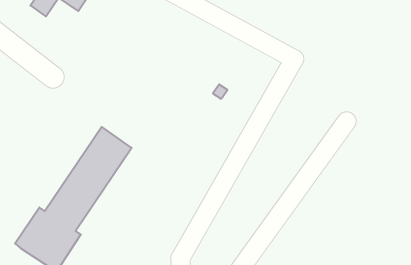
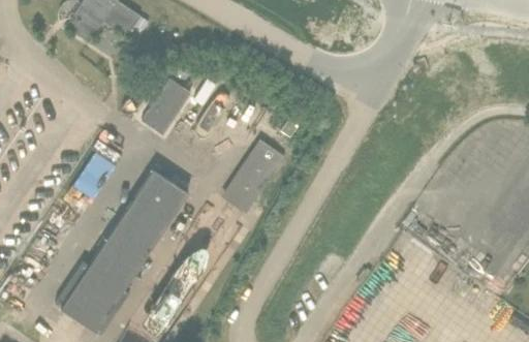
building: none -> [143,80,191,135]
building: none -> [221,141,285,214]

